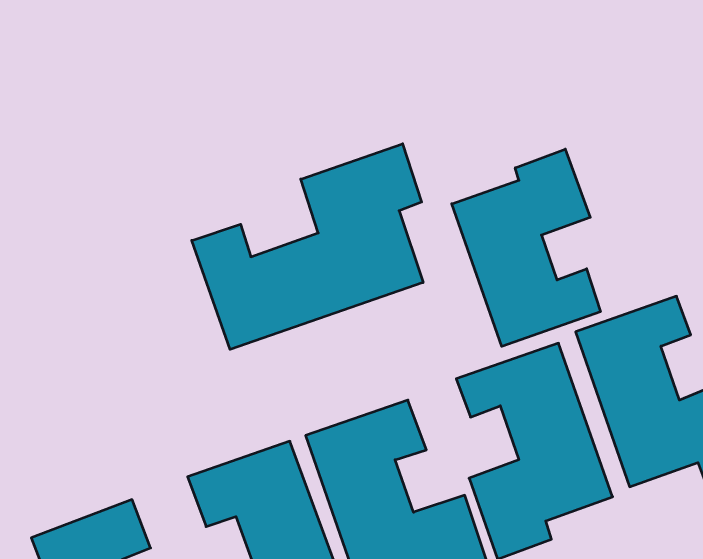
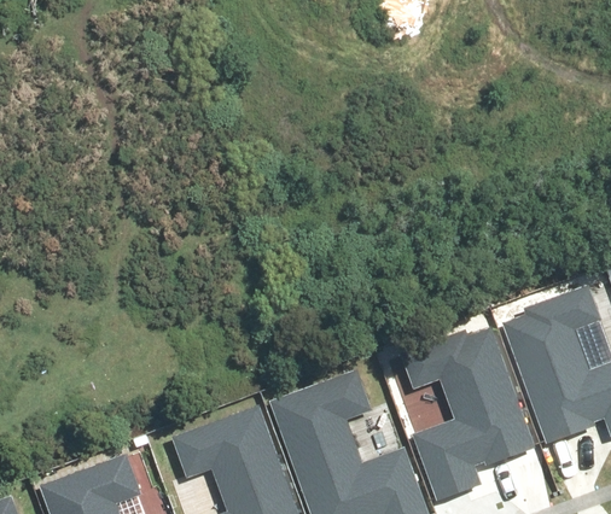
building: [192,144,423,349] -> none
building: [452,149,600,346] -> none

